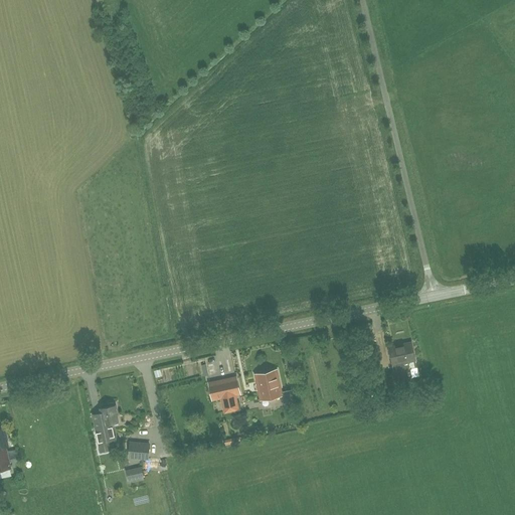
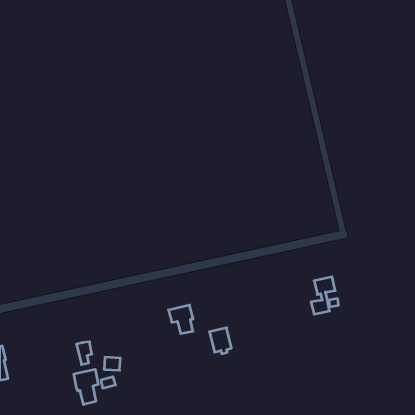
building: [253,369,281,401] -> [209,328,231,354]
building: [91,402,118,425] -> none
building: none -> [74,369,98,405]

